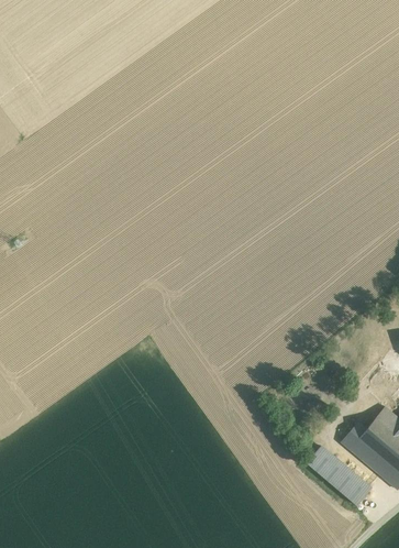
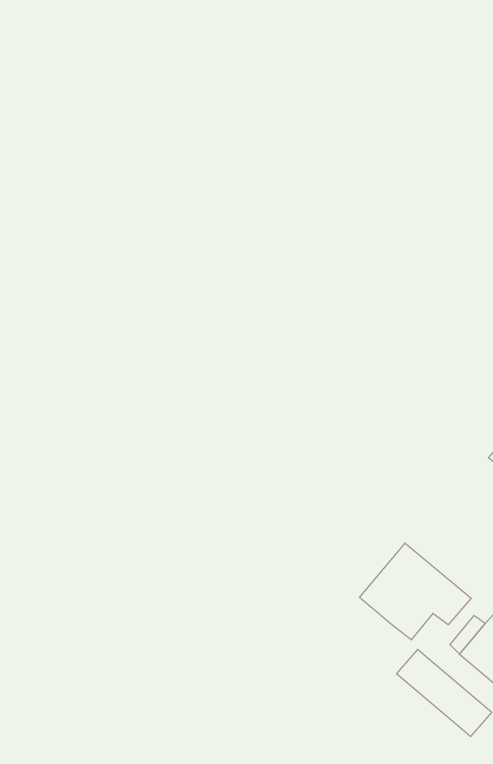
building: none -> [360,543,471,640]

